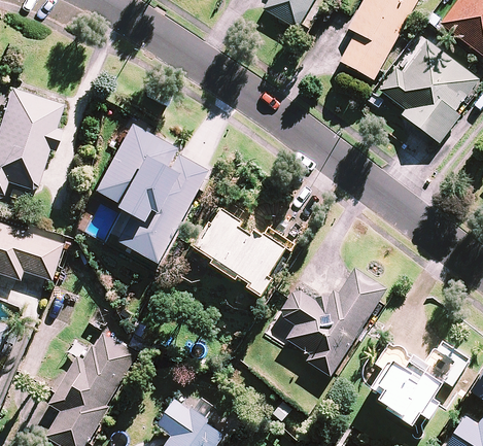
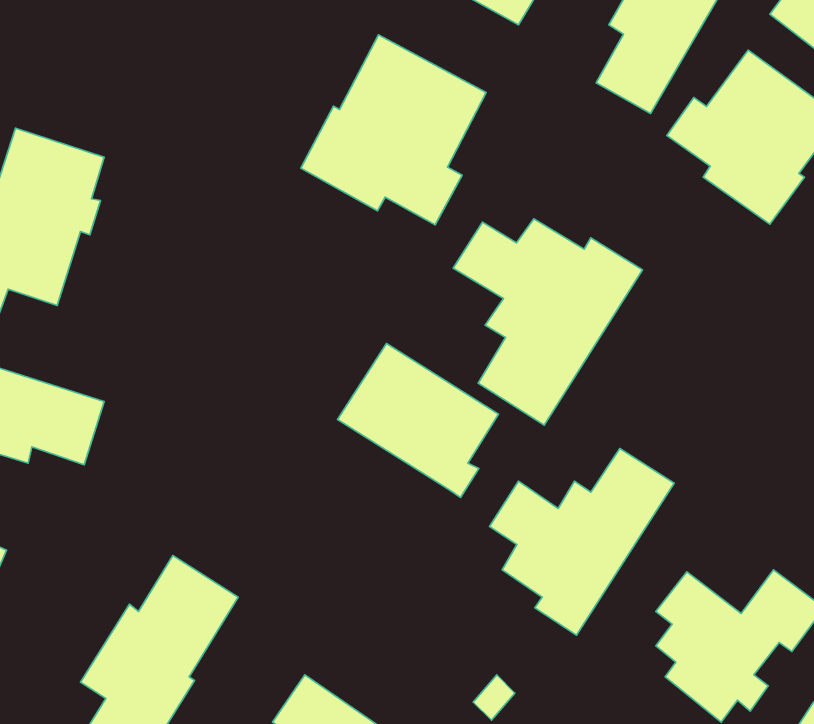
building: none -> [301,35,486,225]
building: [94,123,209,264] -> none
building: none -> [453,219,642,425]

